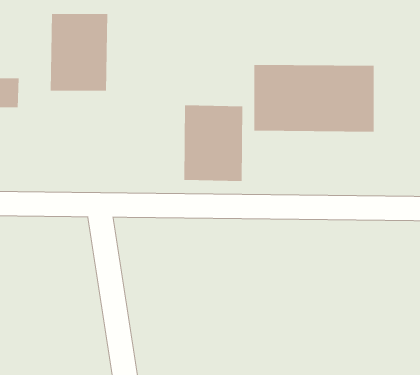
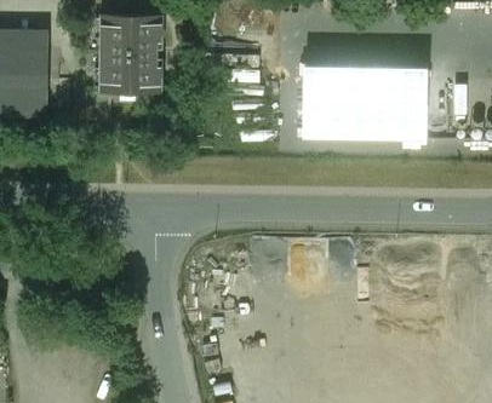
building: [184,104,243,182] -> none

